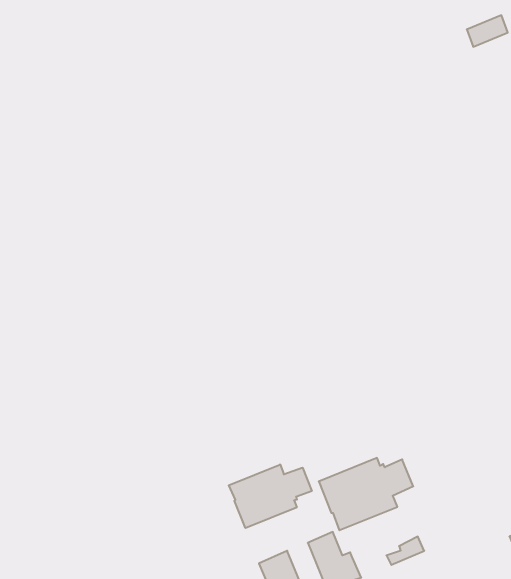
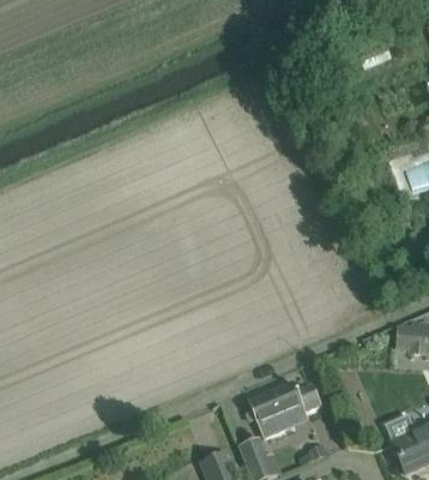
building: [229,464,312,528] -> none

